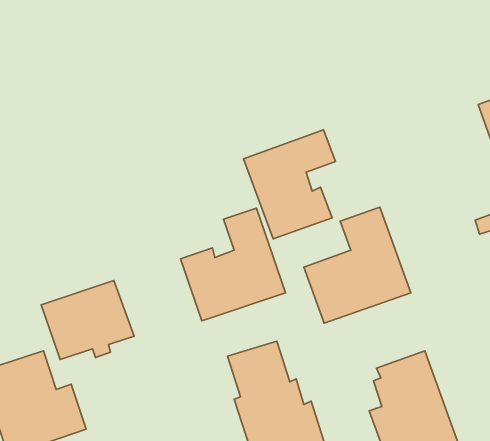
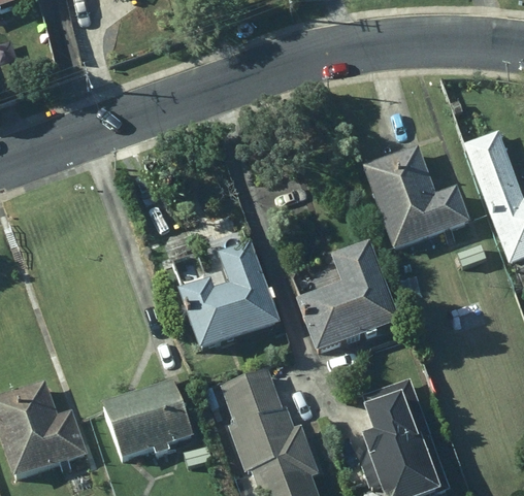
building: none -> [363,144,469,249]
building: [244,130,336,239] -> none
building: [41,280,134,360] -> [103,379,193,456]

